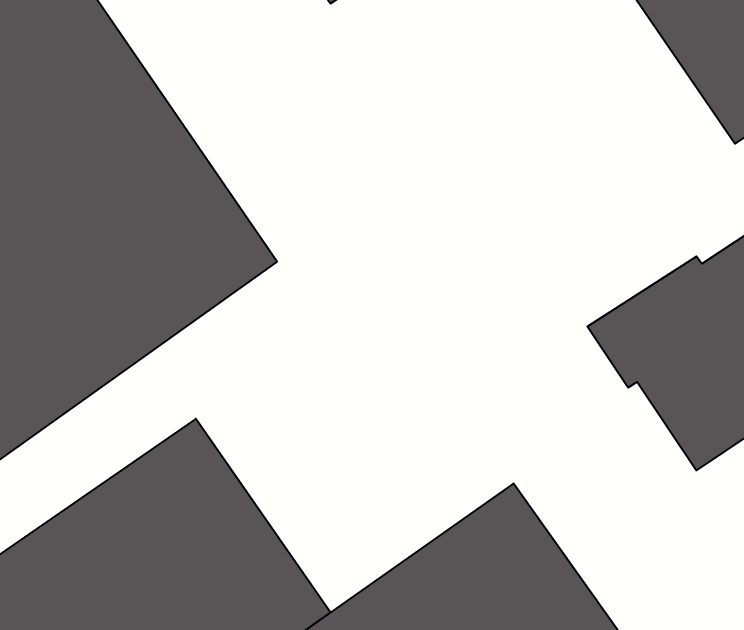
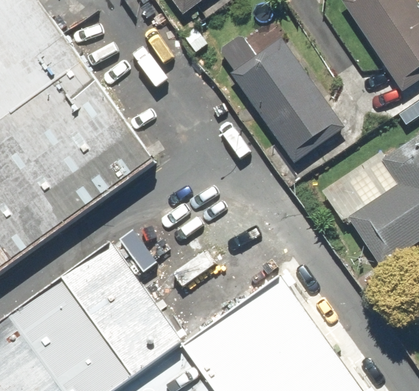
building: none -> [220,34,345,164]

